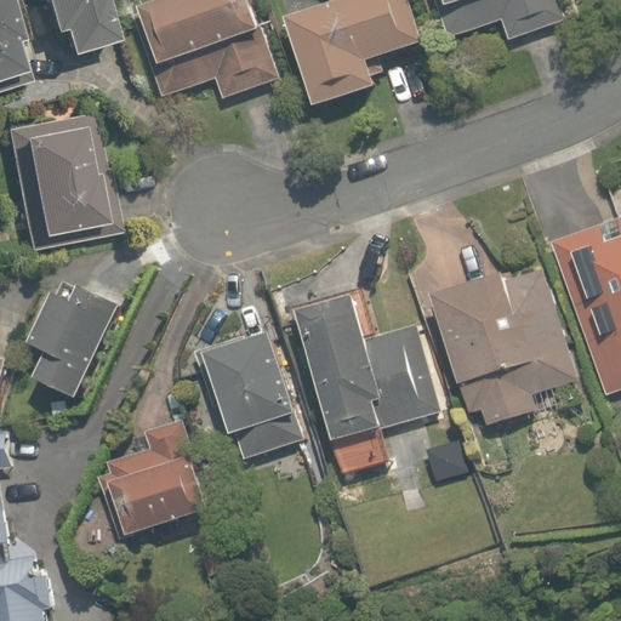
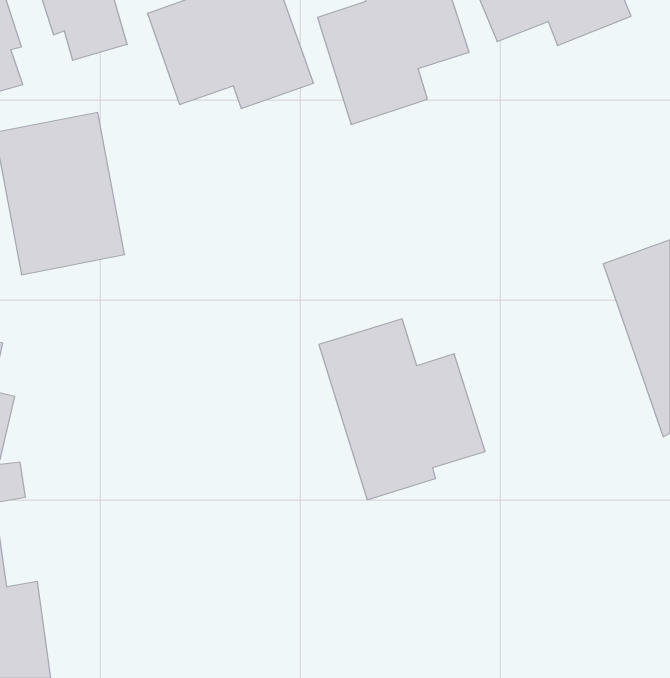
building: [439,266,574,431] -> none
building: [33,290,125,398] -> none
building: [186,315,313,461] -> none
building: [89,411,216,546] -> none

